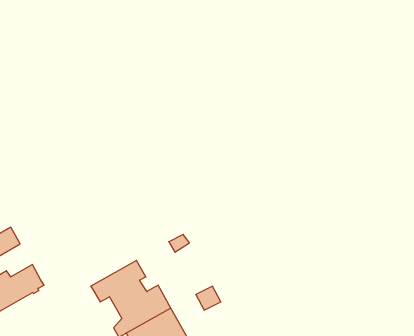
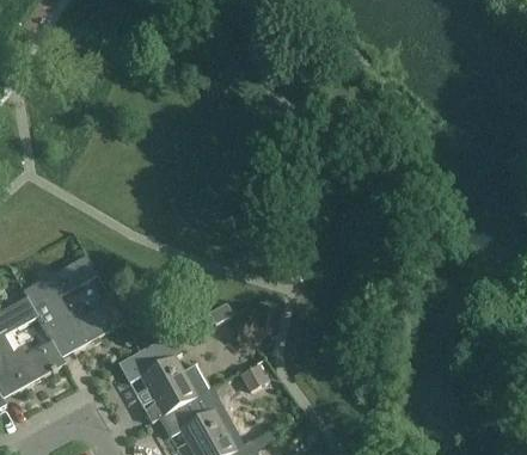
building: none -> [22,256,123,357]

